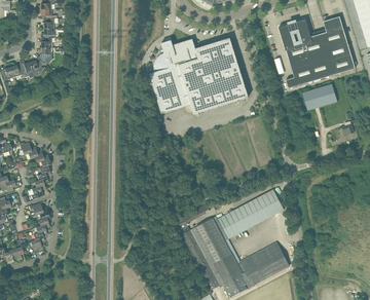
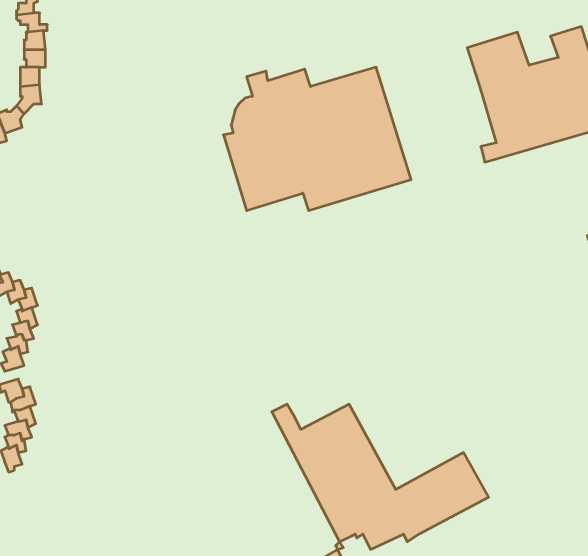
building: [302,83,337,110] -> none
building: [218,188,284,238] -> none

